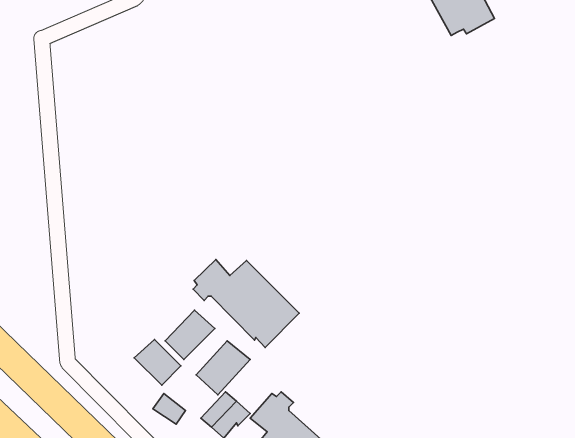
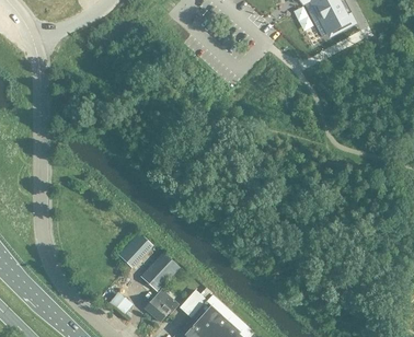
building: [193,260,299,347] -> none
building: [134,340,181,385] -> none

